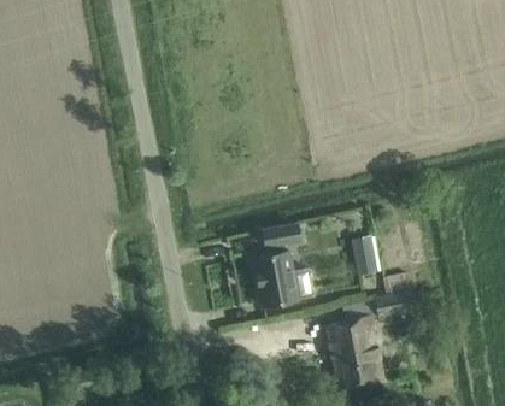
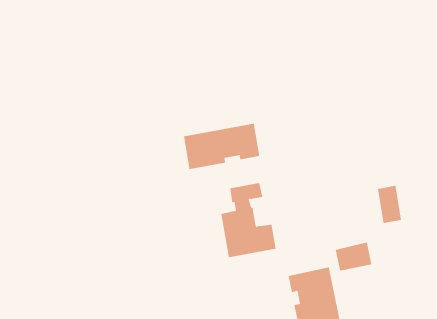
building: none -> [183,123,260,170]
building: [348,234,375,275] -> [377,185,402,223]

